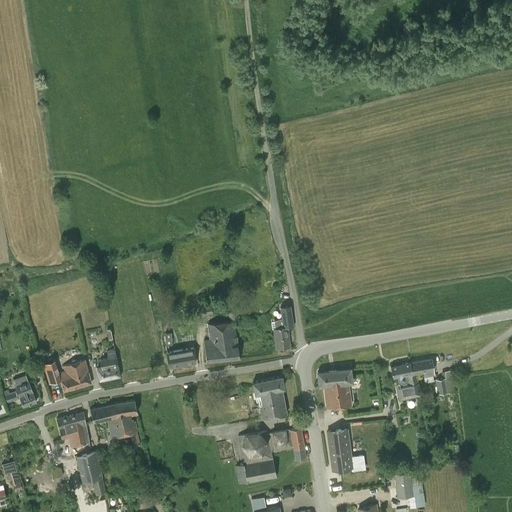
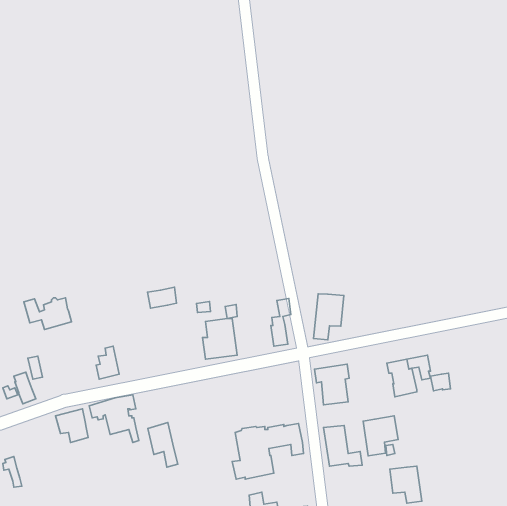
building: none -> [314,294,344,340]
building: [166,348,195,369] -> [148,287,176,308]
building: [43,360,91,392] -> [24,298,71,330]
building: [252,376,286,419] -> none
building: none -> [363,416,398,456]
building: [76,451,106,496] -> [148,423,178,467]

